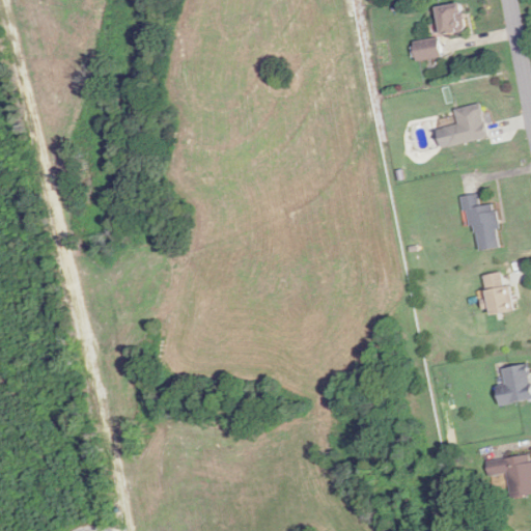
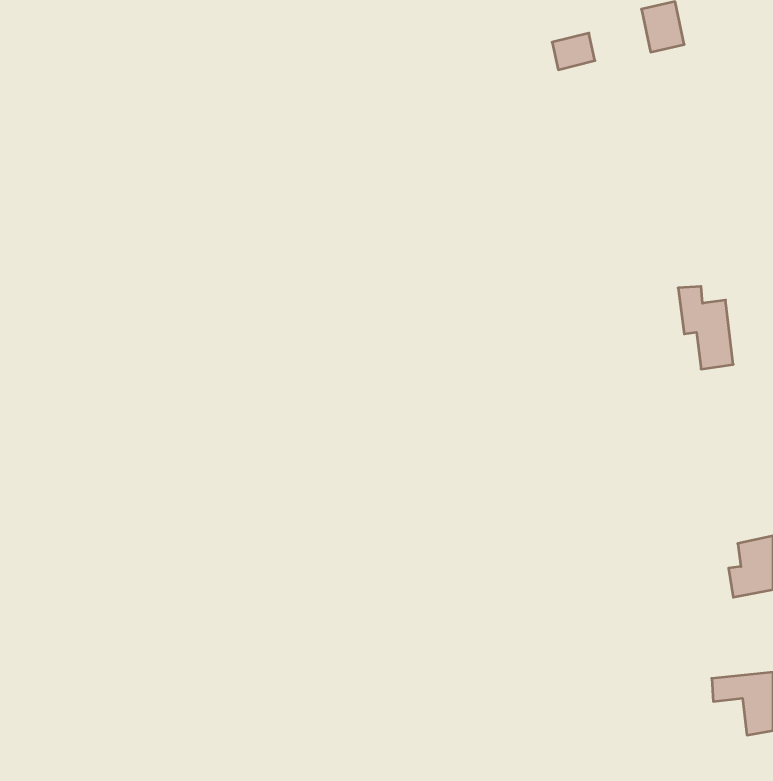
building: [410,36,439,61] -> [552,33,595,70]
building: [442,102,486,146] -> none
building: [482,271,509,315] -> none

